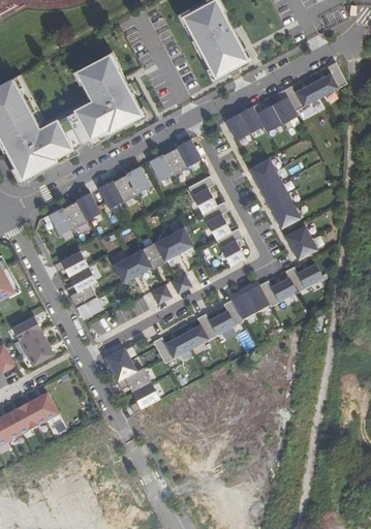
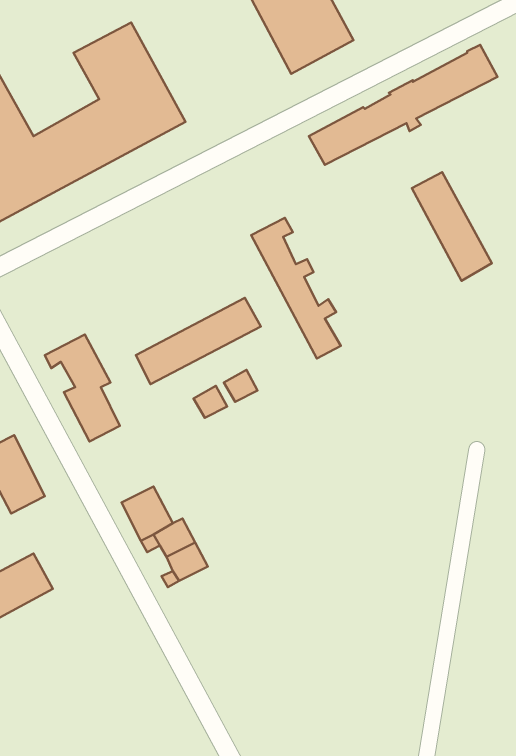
building: [149,139,200,181] -> none
building: [248,158,300,228] -> [412,172,492,281]
building: [98,166,150,208] -> none
building: [48,193,100,235] -> none
building: [283,224,317,260] -> none
building: [152,263,322,364] -> none

